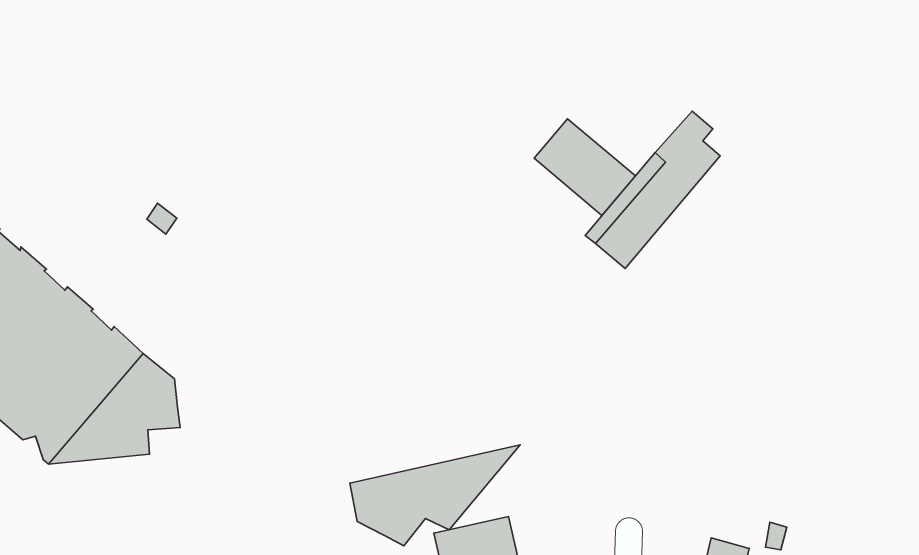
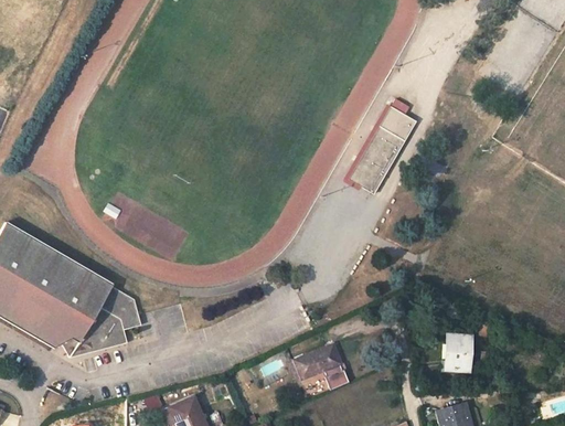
building: [534,119,635,215] -> none
building: [350,445,520,546] -> none

